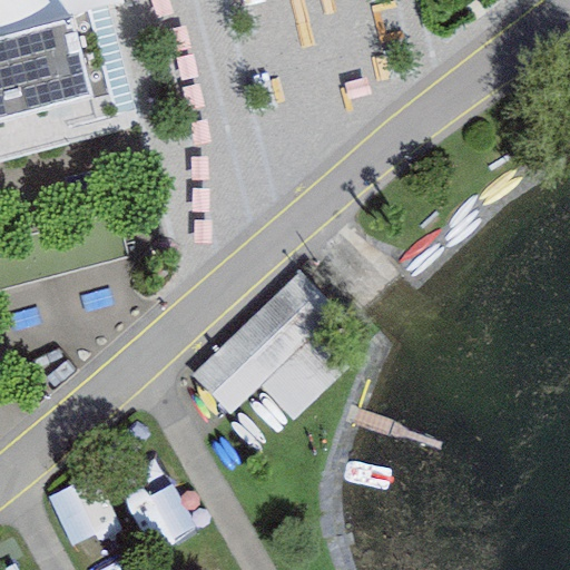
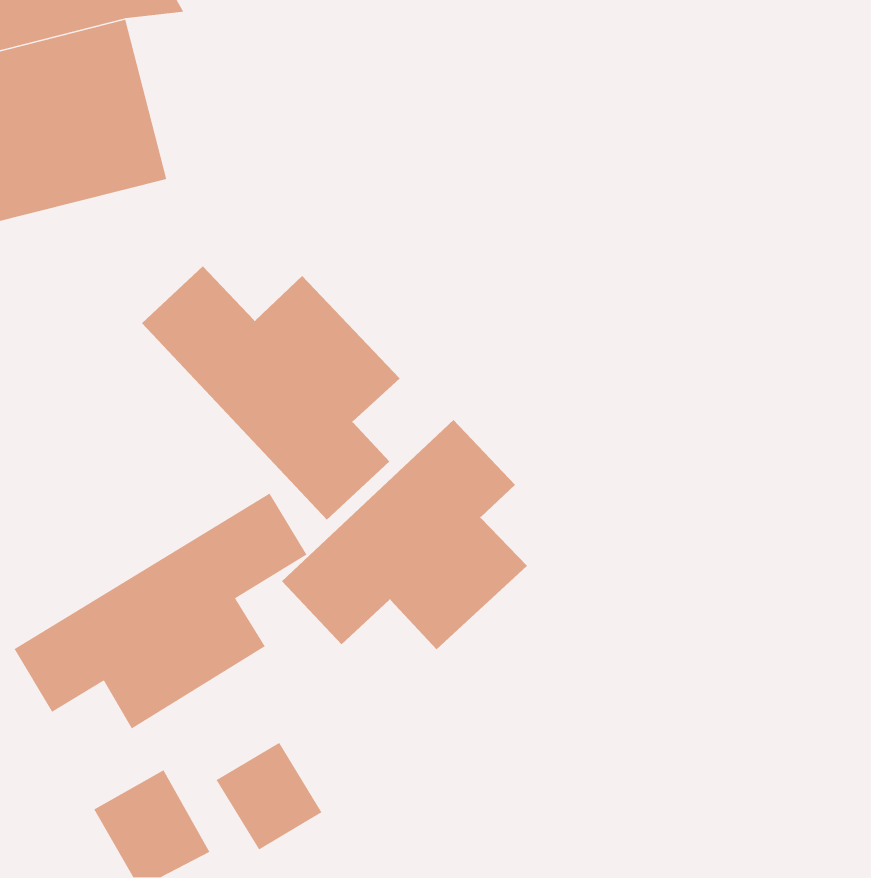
building: none -> [141,266,401,520]
building: none -> [13,492,307,730]

